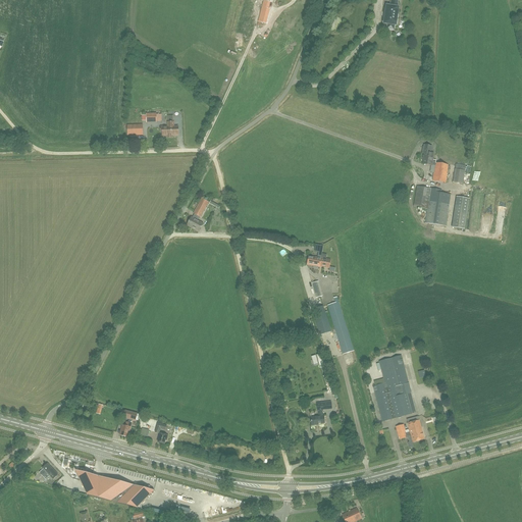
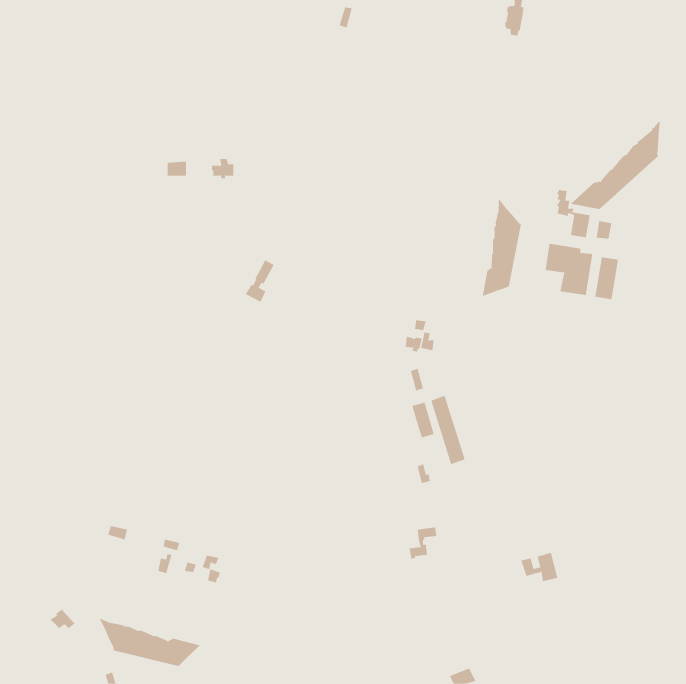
building: none -> [570,118,661,210]
building: none -> [482,198,521,297]
building: [372,354,415,420] -> none

